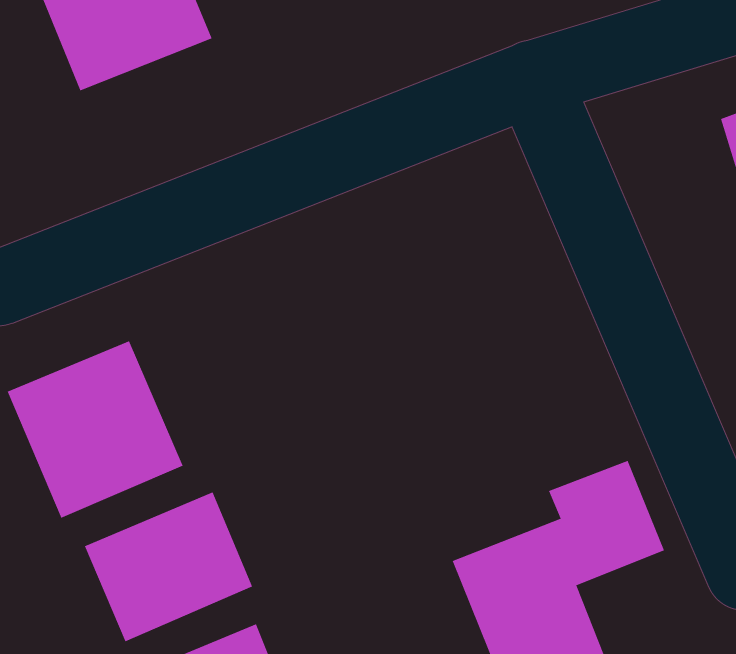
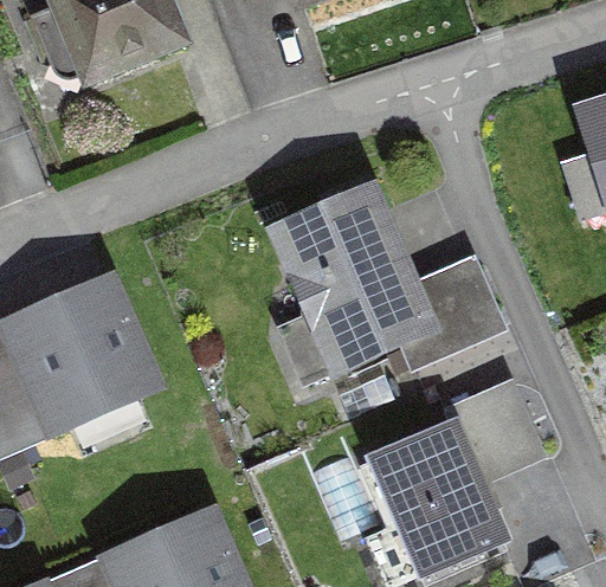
building: none -> [279,191,498,366]
building: [84,491,253,642] -> none

